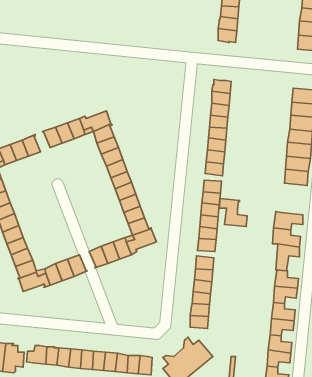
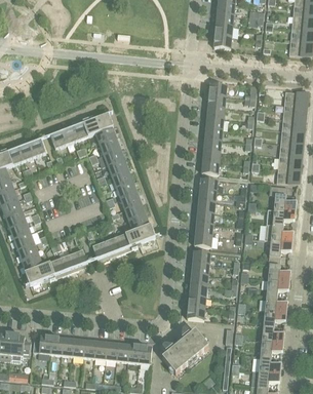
building: [219,198,247,227] -> [268,184,295,210]

